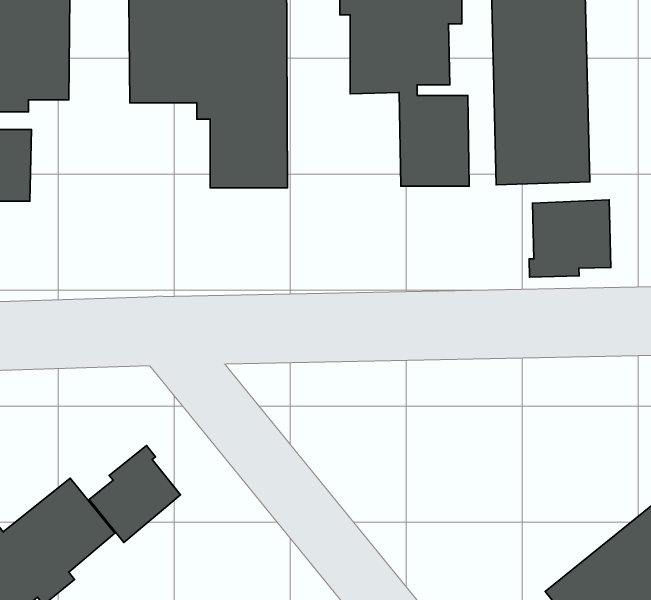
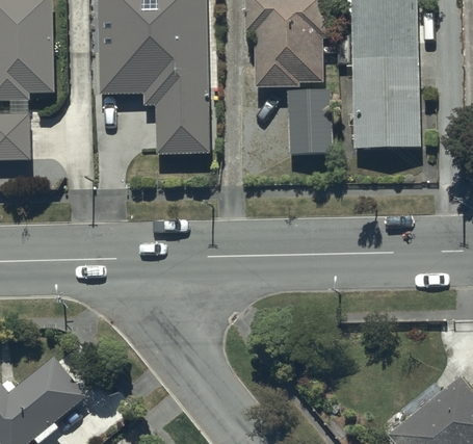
building: [529,200,611,277] -> none
building: [89,445,180,542] -> none

